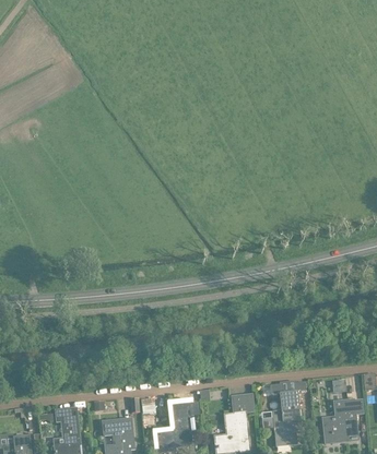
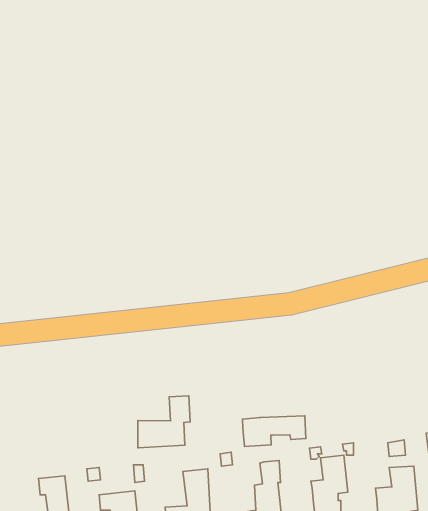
building: none -> [138,396,190,448]
building: none -> [243,416,306,446]

